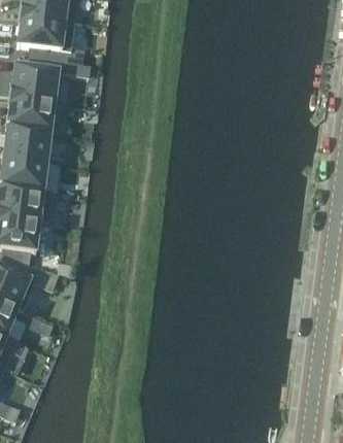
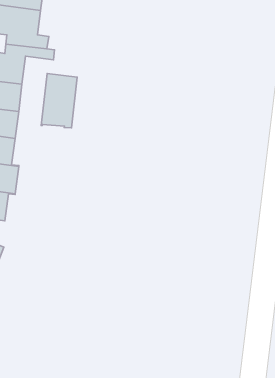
building: none -> [41,73,77,128]

